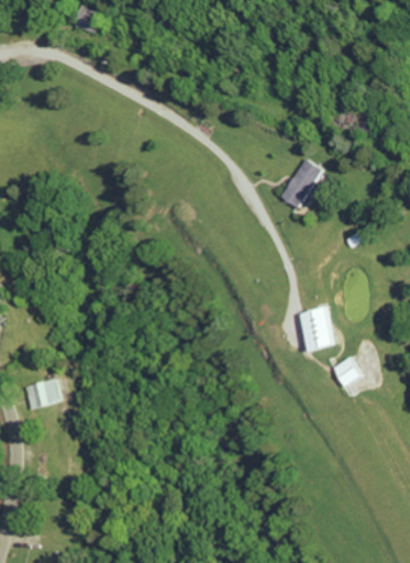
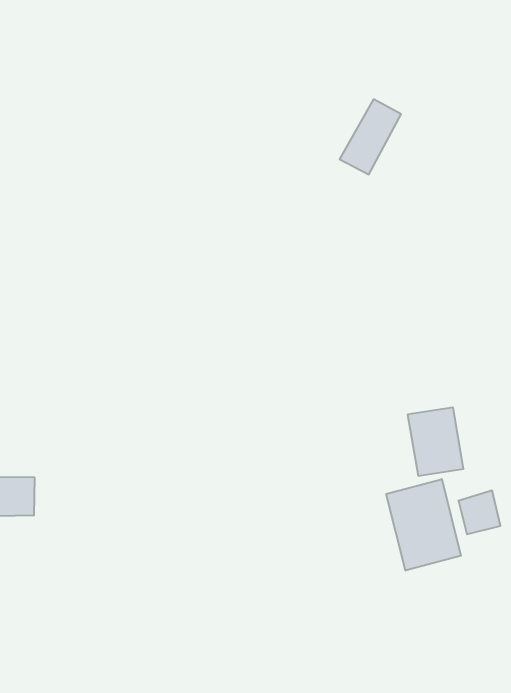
building: [279,158,315,207] -> [340,99,401,174]
building: none -> [386,479,461,571]

